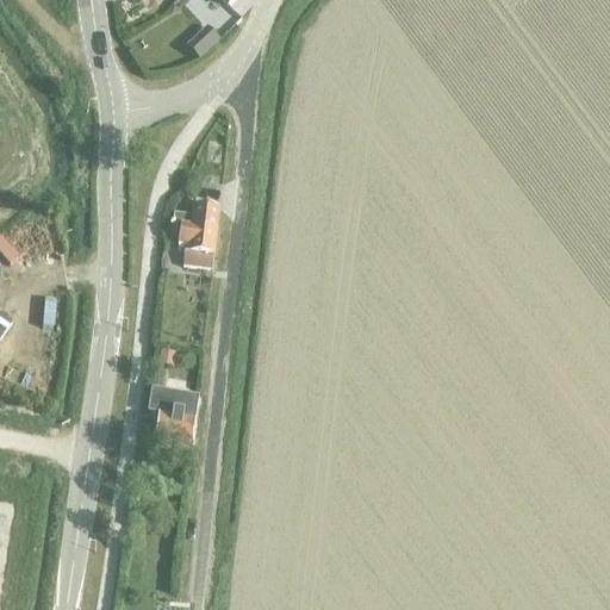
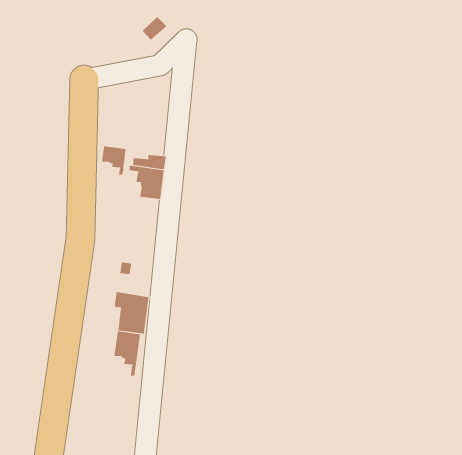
building: none -> [102,145,126,175]
building: none -> [114,330,141,376]

